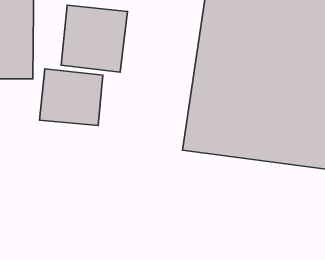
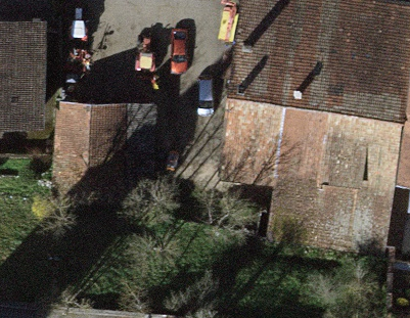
building: [61,5,128,72] -> none

